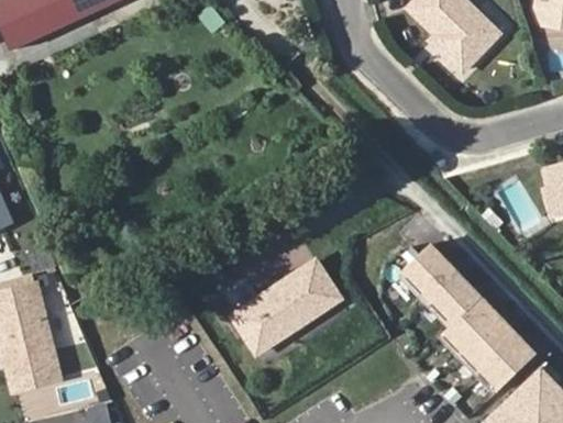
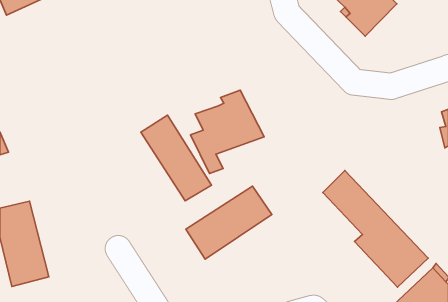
building: none -> [190,90,264,173]
building: none -> [141,115,211,201]

